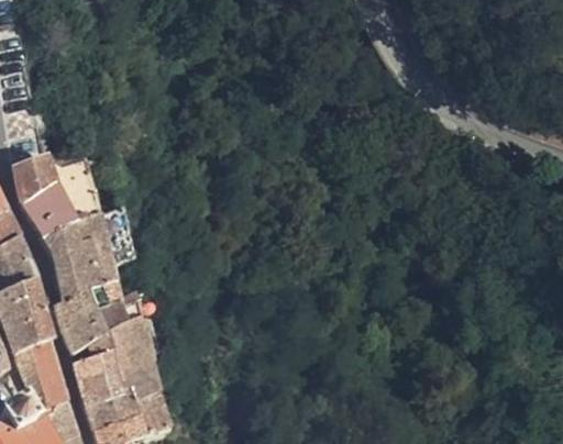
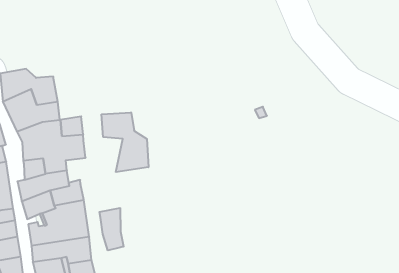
building: none -> [102,112,148,172]
building: none -> [99,208,124,250]

